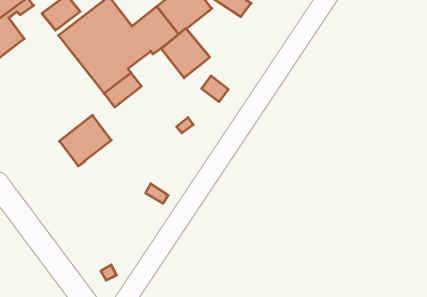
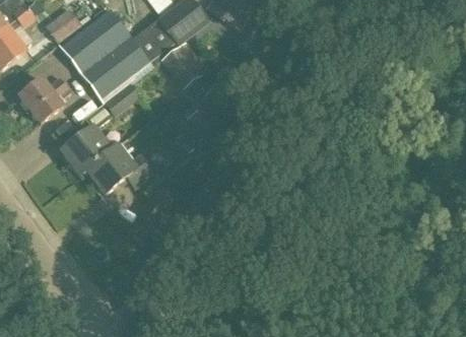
building: none -> [18,75,67,123]
building: none -> [85,143,156,193]

